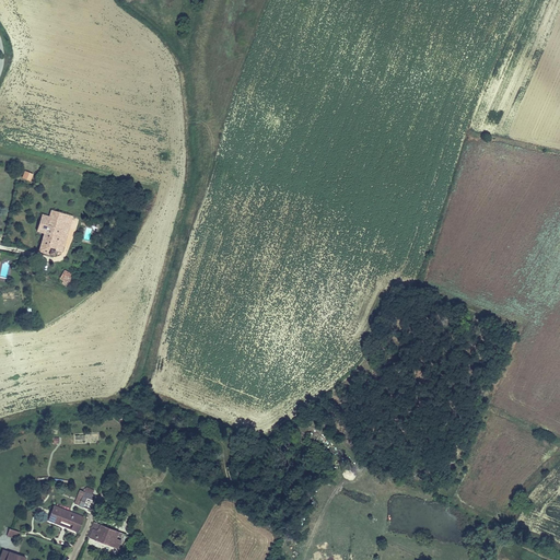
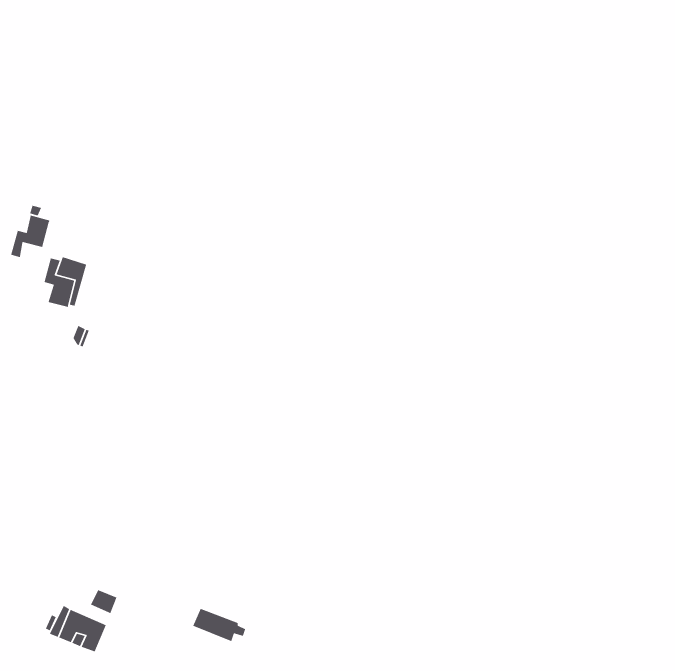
building: none -> [10,214,51,258]
building: [91,522,136,550] -> [192,608,246,642]

